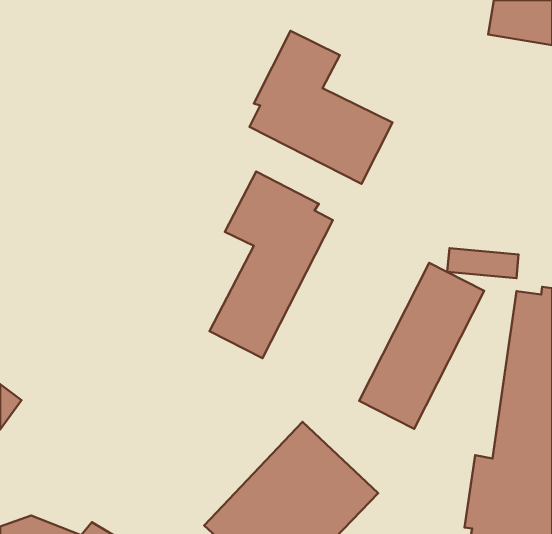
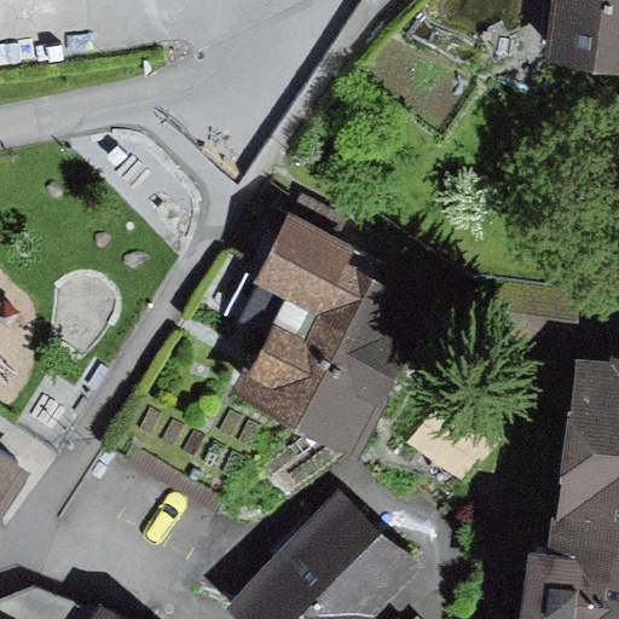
building: [249,31,392,184] -> none
building: [359,263,484,429] -> [294,266,434,452]

